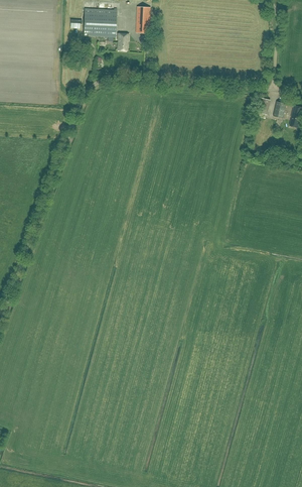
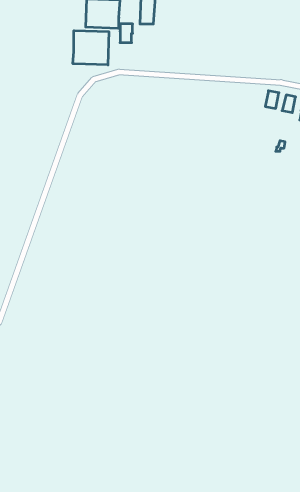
building: none -> [73,31,109,65]

